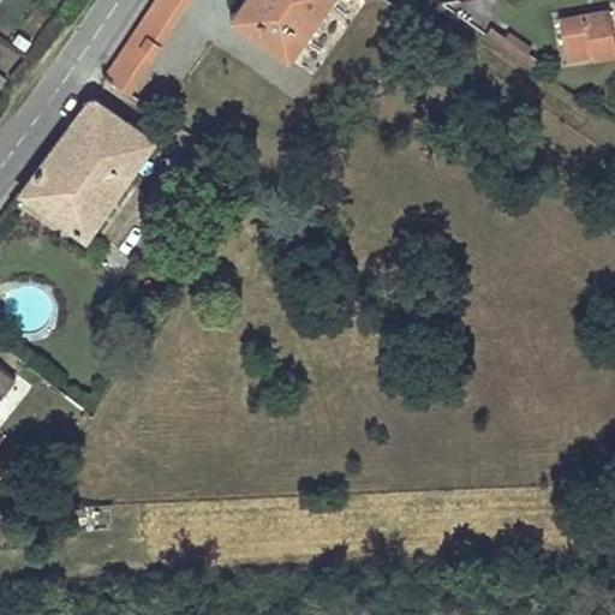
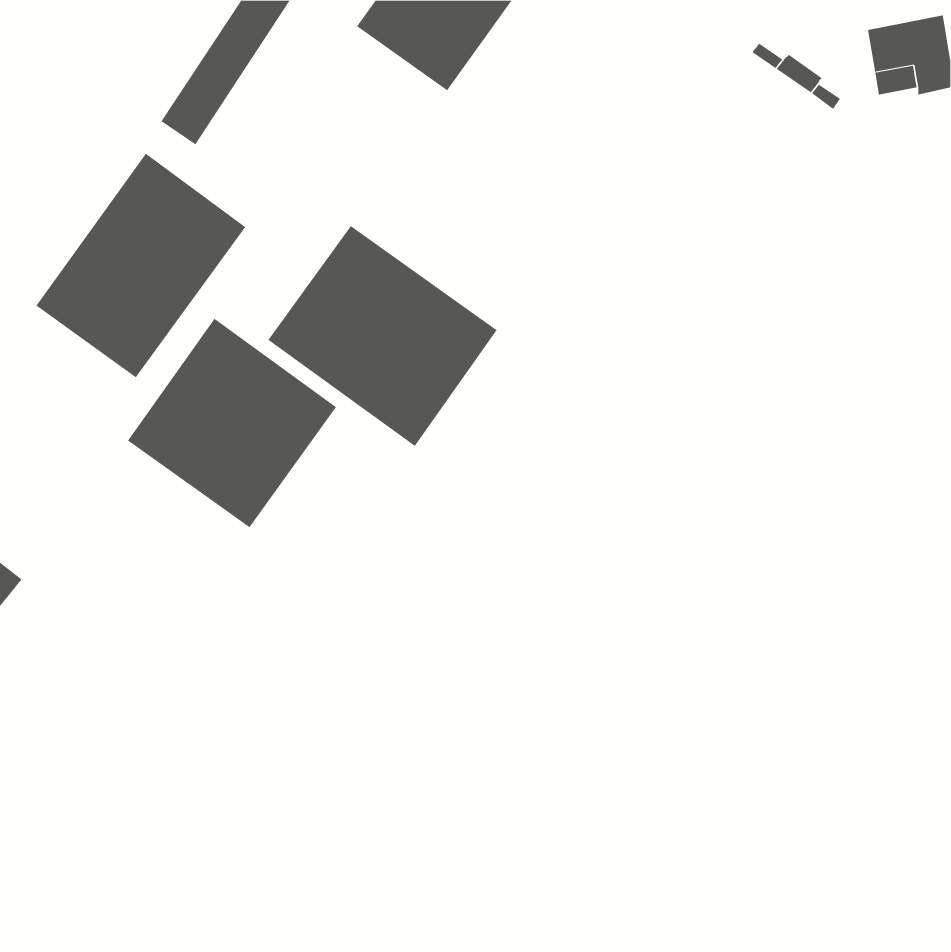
building: none -> [268,225,498,447]
building: none -> [127,318,337,528]

